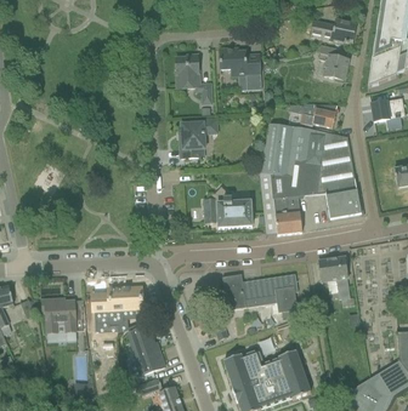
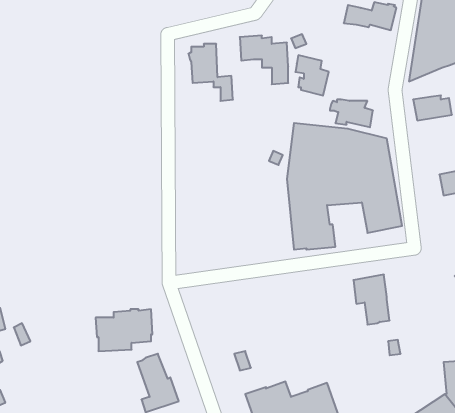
building: [319,45,348,80] -> [295,55,329,96]
building: [180,119,216,158] -> none
building: [203,187,251,228] -> none
building: [222,274,298,313] -> none
building: [41,298,86,333] -> none

